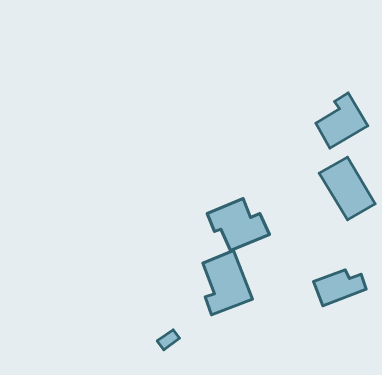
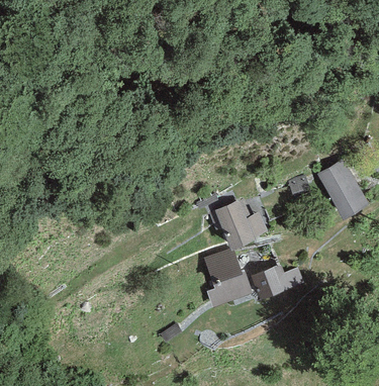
building: [316,93,368,148] -> none
building: [313,270,366,306] -> [252,265,302,299]

